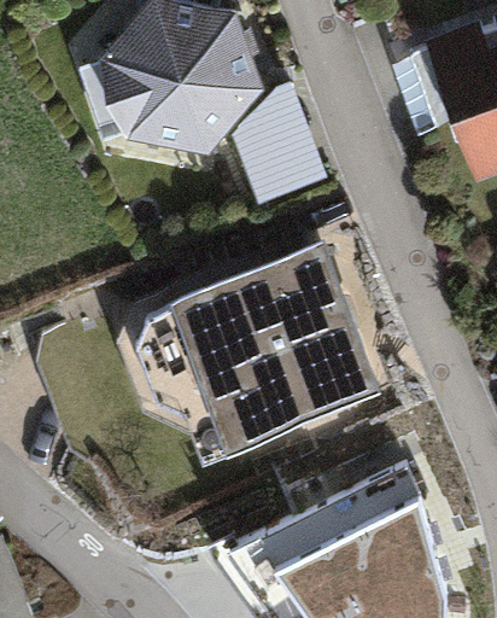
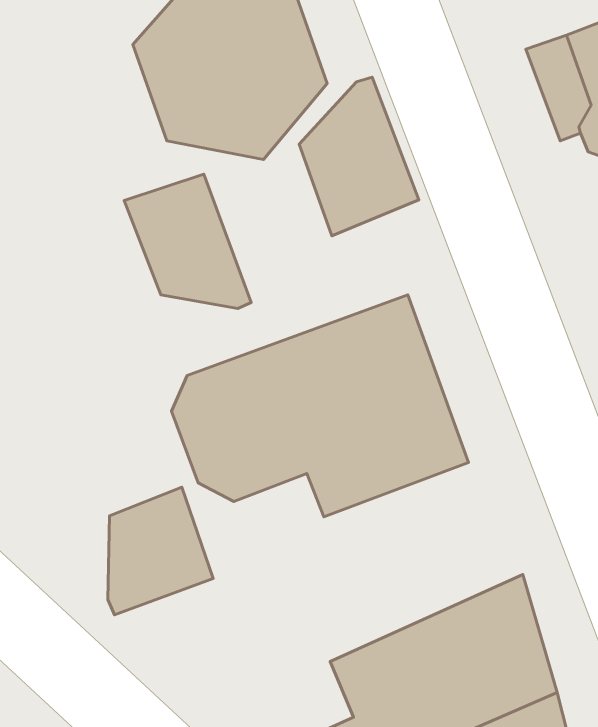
building: none -> [124,174,251,309]
building: none -> [108,487,213,615]

